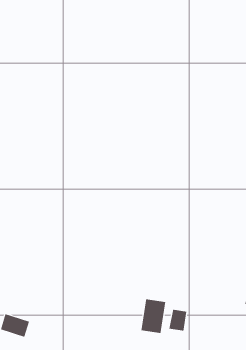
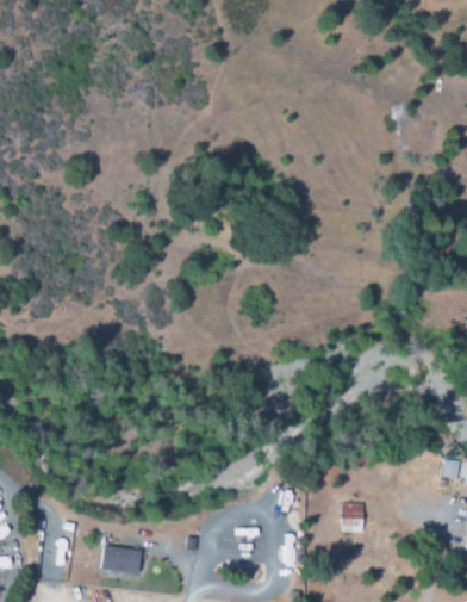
building: [141,298,166,334] -> none

